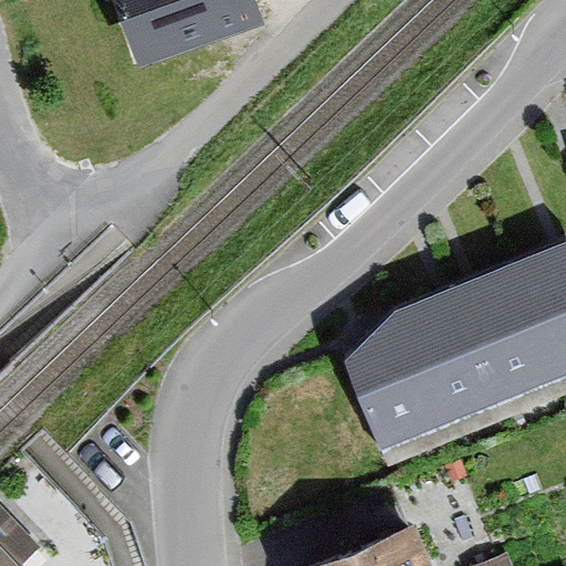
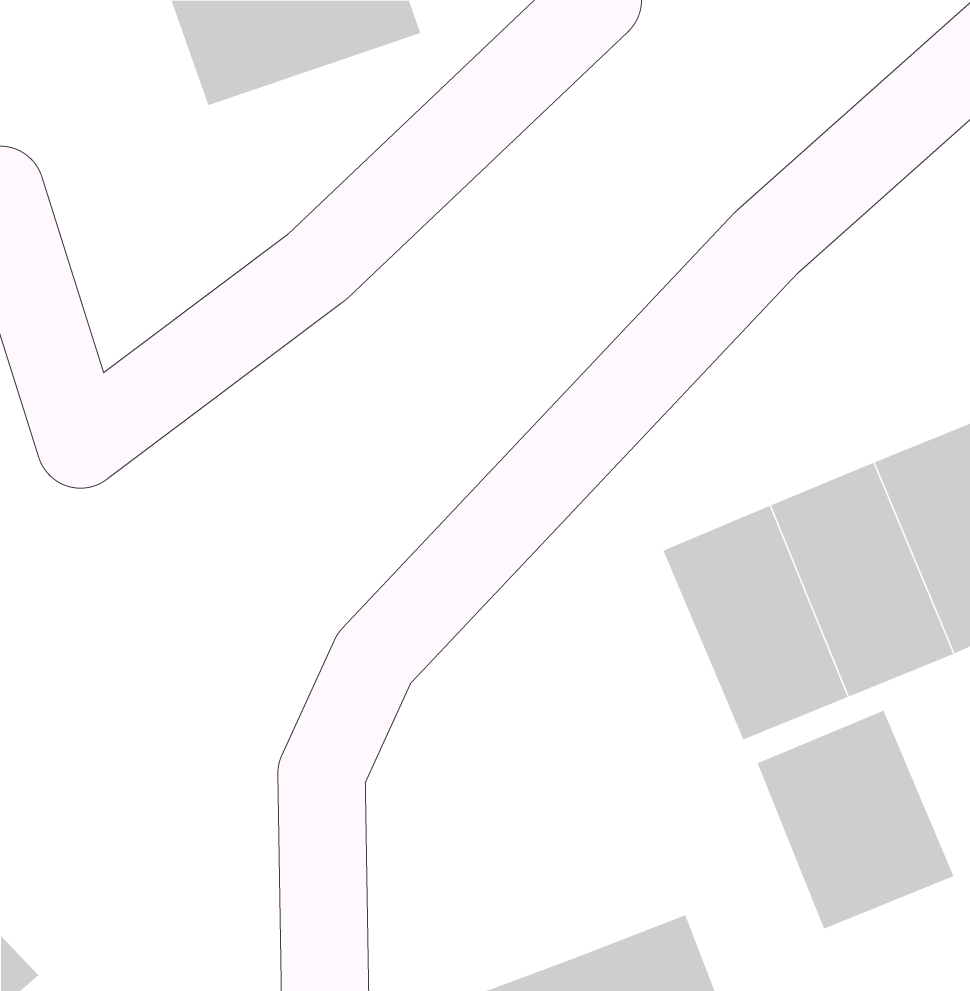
building: [345,316,437,448] -> none
building: none -> [757,710,954,930]

